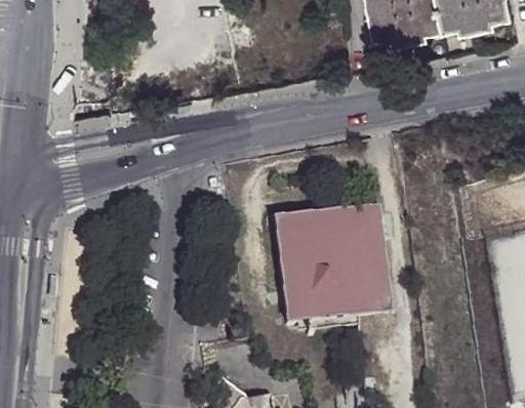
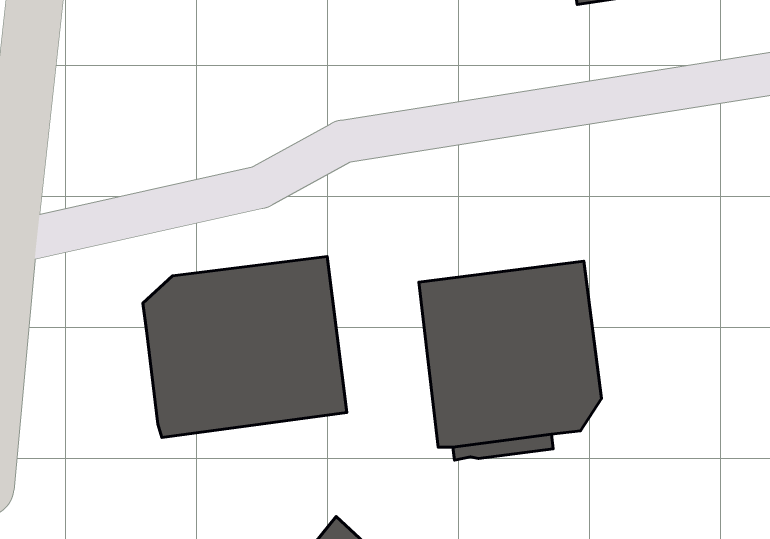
building: none -> [143,257,347,437]

